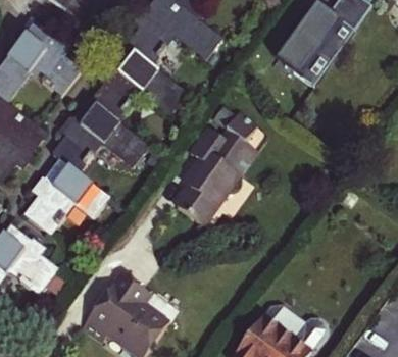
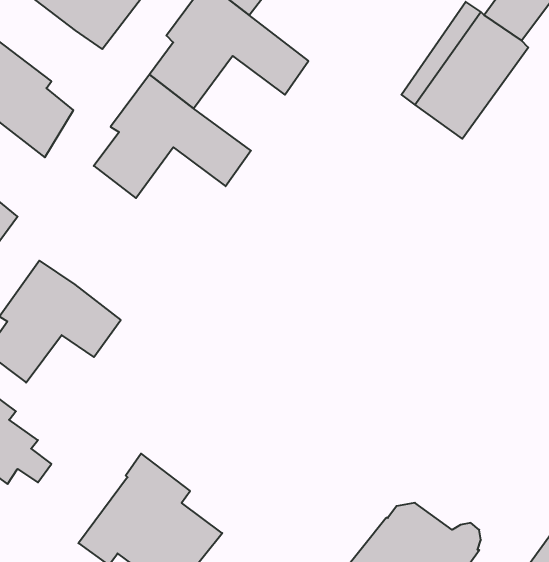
building: [55,101,148,172] -> none
building: [176,113,256,227] -> none

